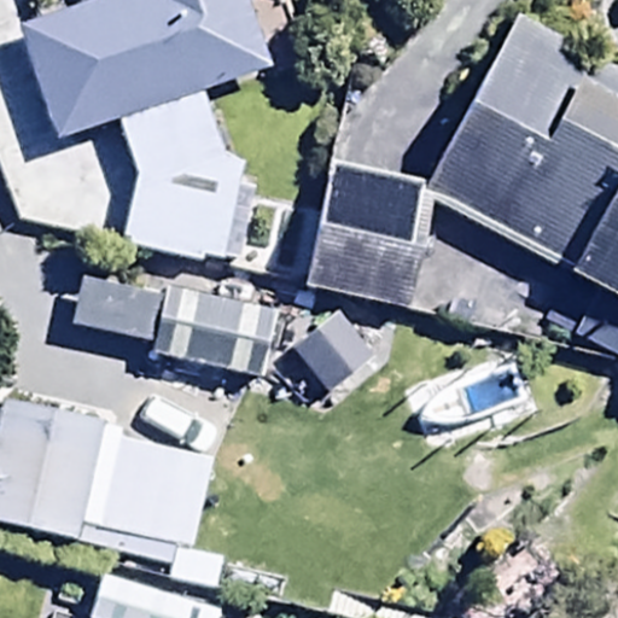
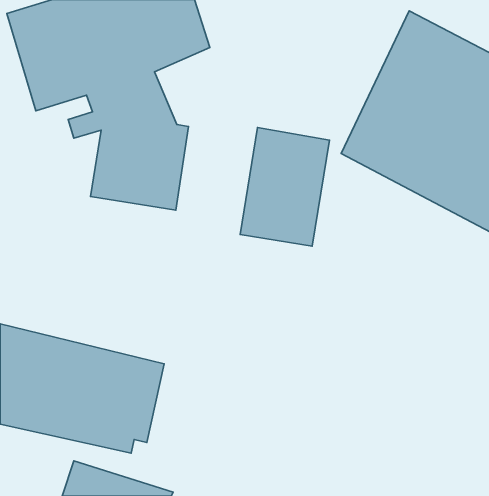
building: [56,269,284,383] -> none

